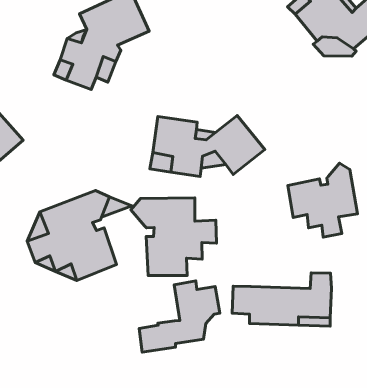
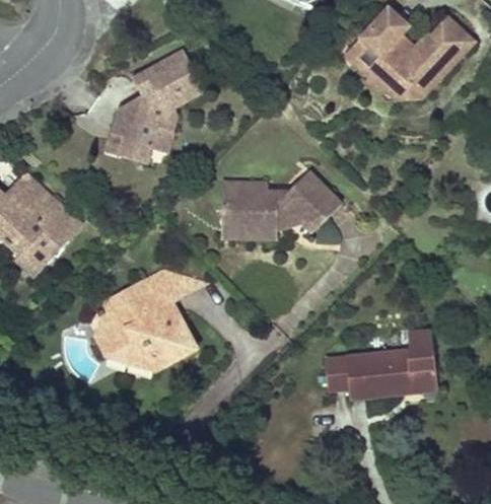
building: [288,163,358,237] -> none
building: [131,198,216,276] -> none
building: [139,281,220,352] -> none

